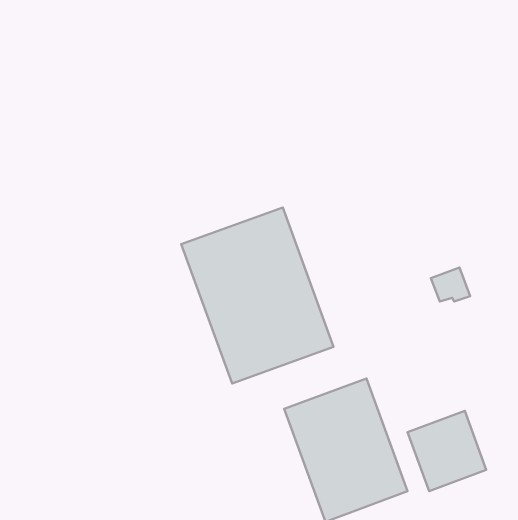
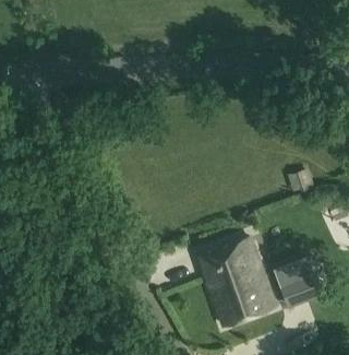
building: [181,208,334,383] -> none

